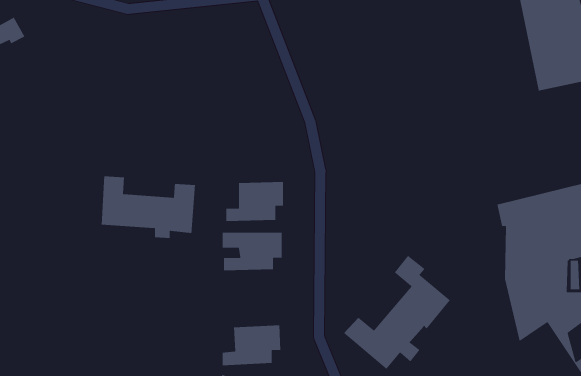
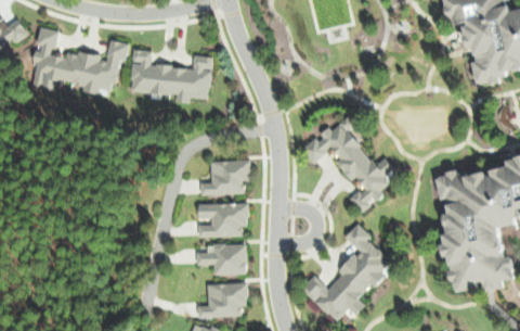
building: none -> [32,27,129,93]
building: none -> [302,123,394,213]
building: [101,176,196,239] -> [131,49,212,103]
building: none -> [196,243,247,275]

